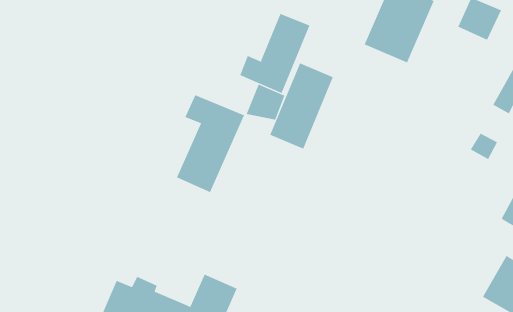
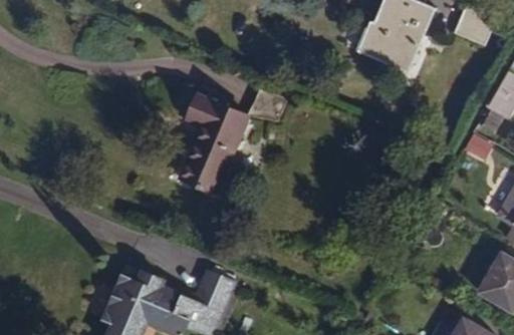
building: [239,13,310,94] -> none
building: [270,63,334,149] -> none

